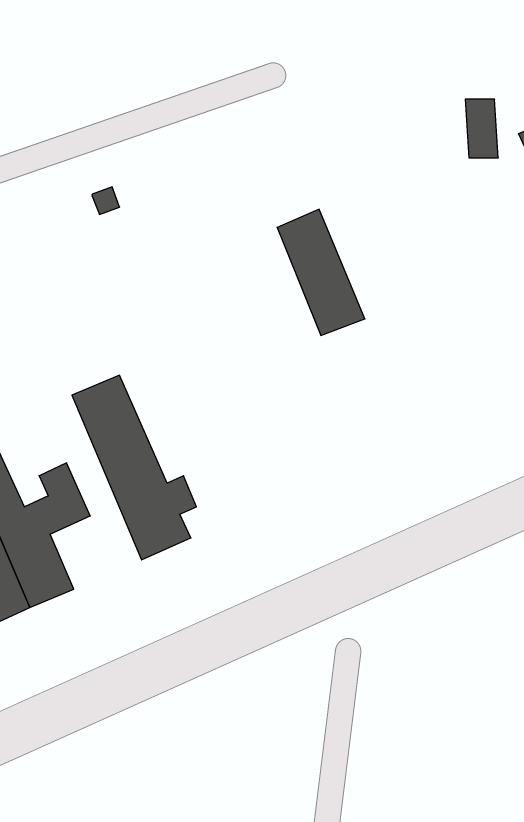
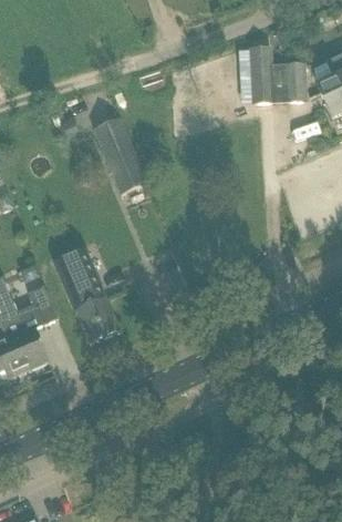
building: none -> [250,45,271,102]
building: [277,209,365,335] -> [93,115,146,192]

